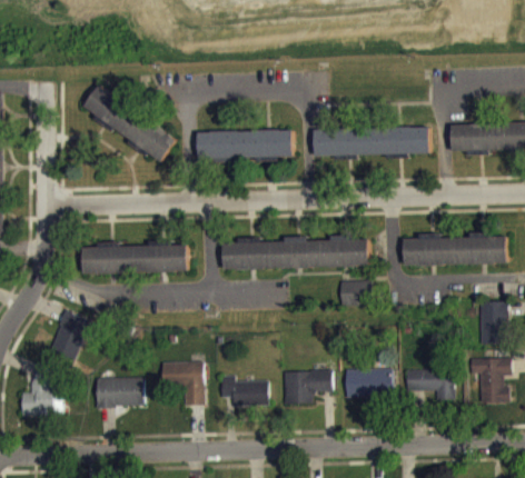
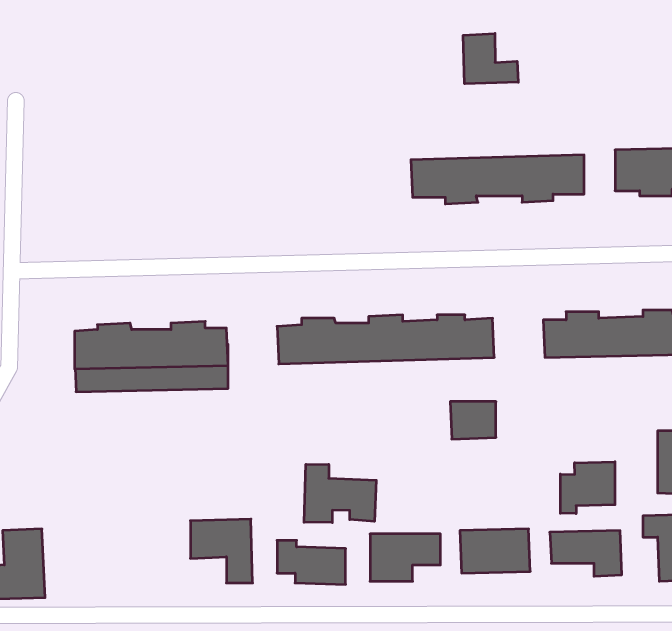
building: none -> [463,33,518,84]
building: [83,78,177,155] -> none
building: [197,122,293,157] -> none
building: [50,318,90,367] -> none
building: none -> [560,462,615,514]
building: none -> [304,464,376,523]
building: [97,384,143,414] -> none

